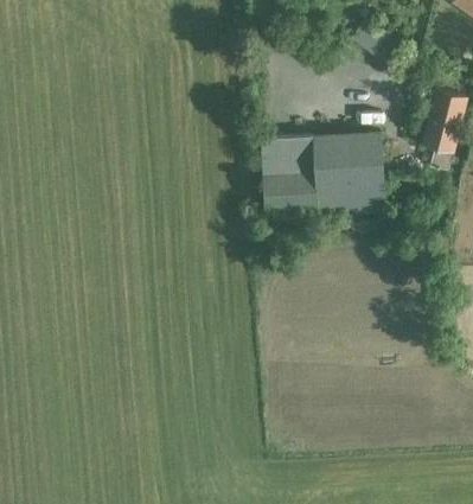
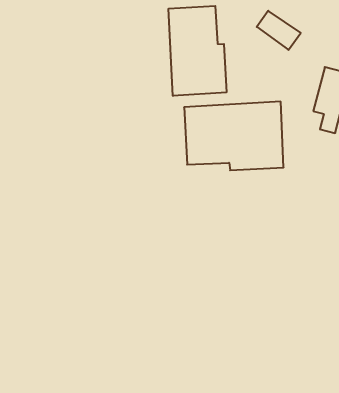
building: none -> [169,6,226,96]

